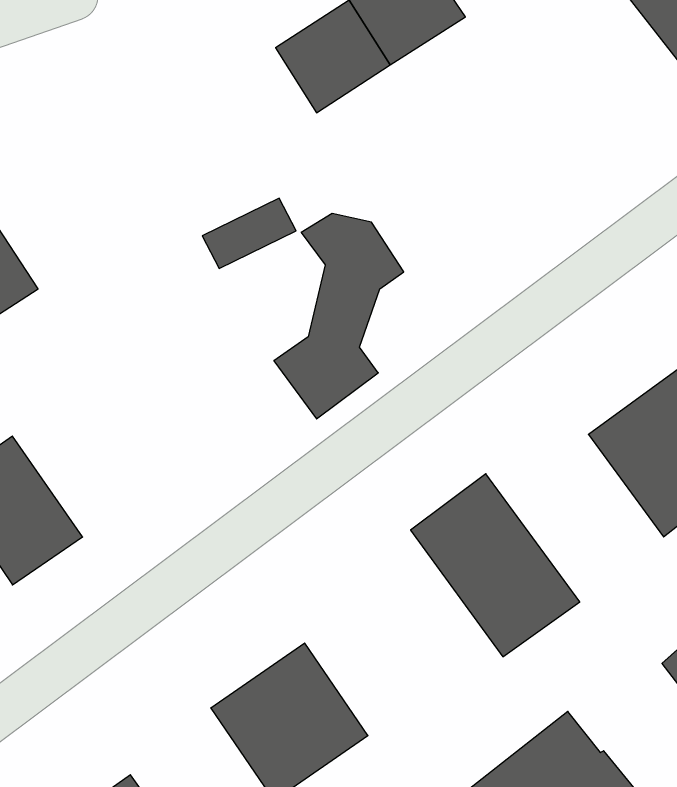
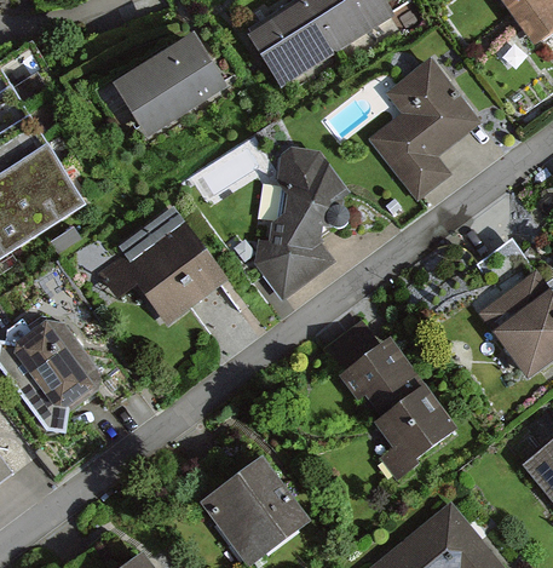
building: none -> [91,33,230,151]
building: none -> [370,65,466,195]
building: none -> [96,202,232,328]

